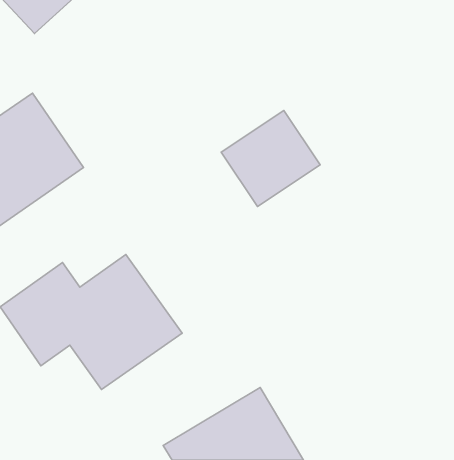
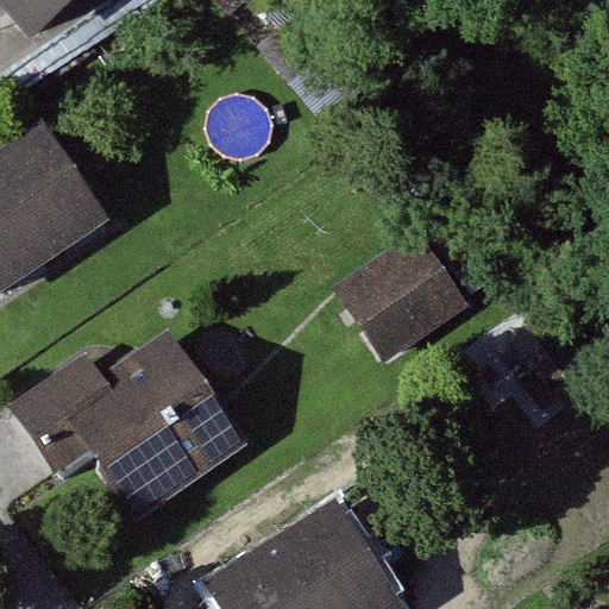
building: [221,111,320,207] -> [334,236,464,362]

